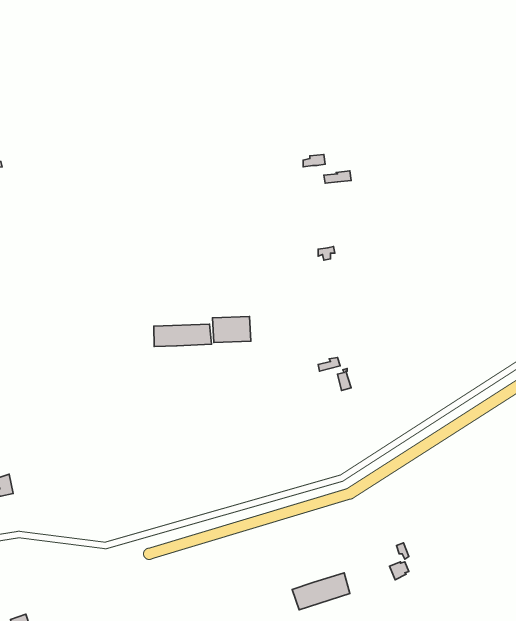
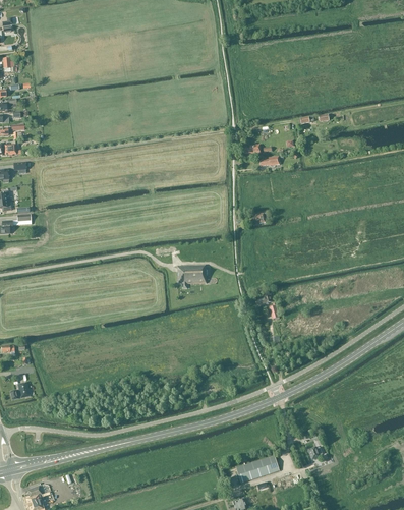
building: [154,324,211,347] -> none

